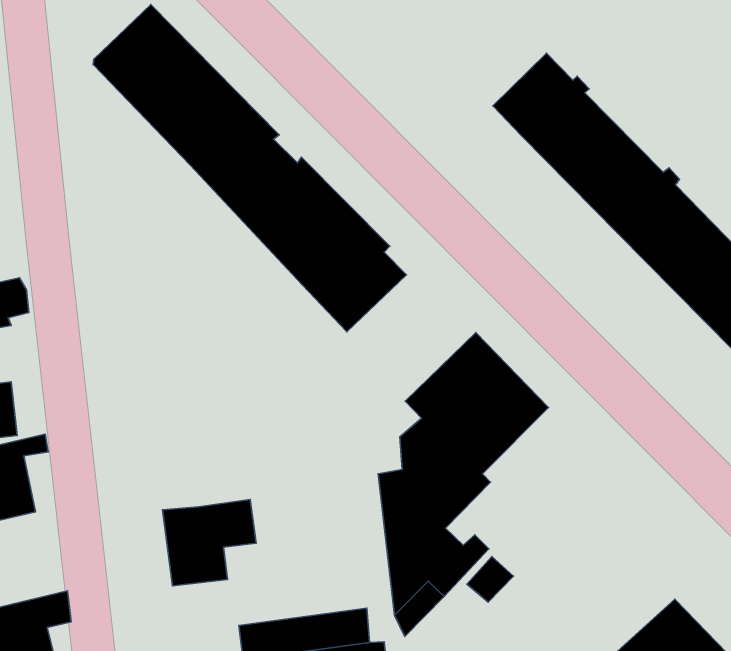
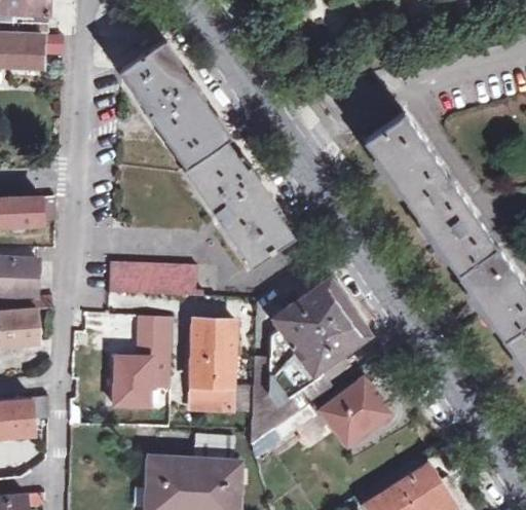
building: none -> [108,263,203,298]
building: none -> [191,320,235,409]
building: none -> [139,316,173,360]
building: none -> [322,381,389,443]

